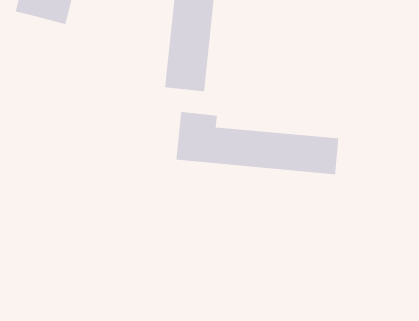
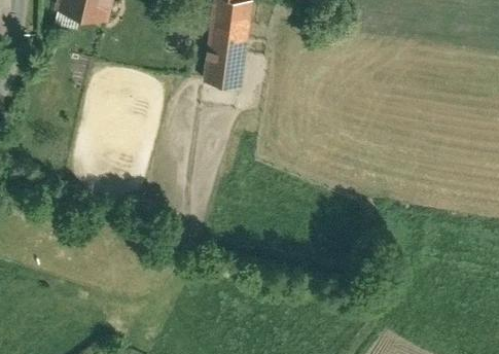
building: [176,111,339,175] -> none

